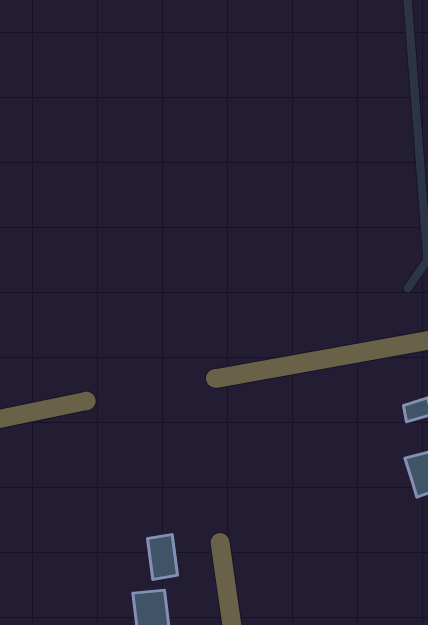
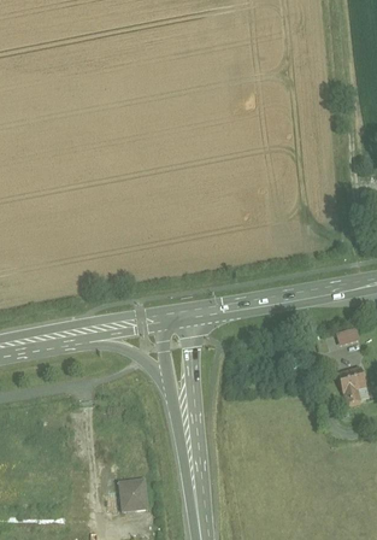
building: [148,534,177,579] -> none

